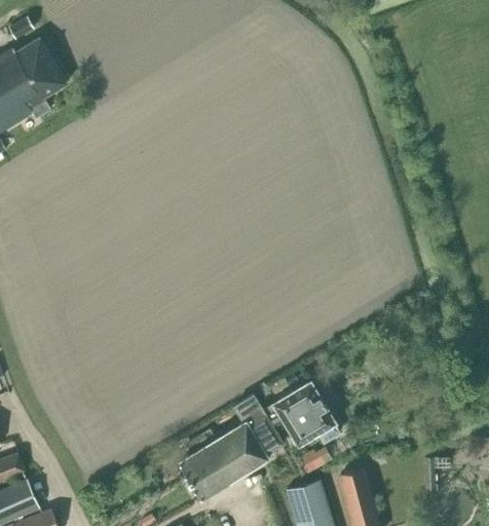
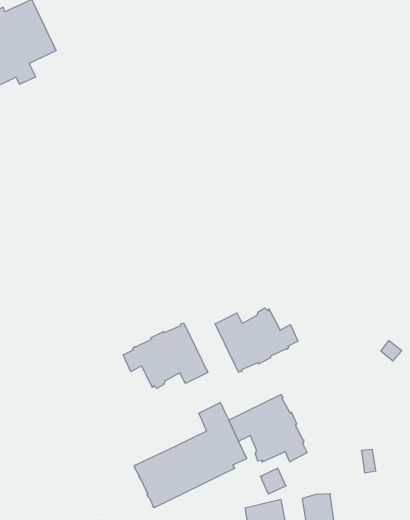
building: none -> [215,308,298,372]
building: none -> [123,323,208,388]

